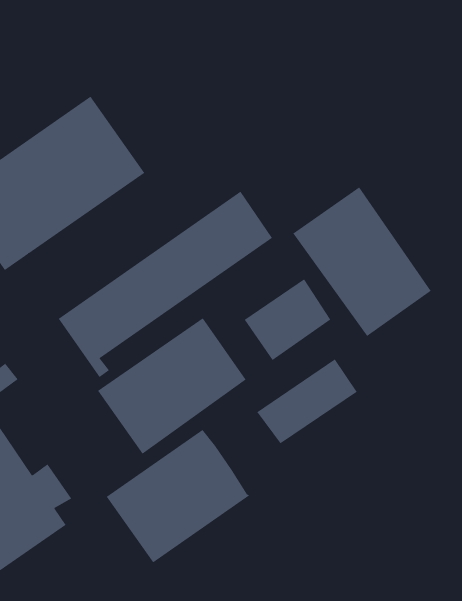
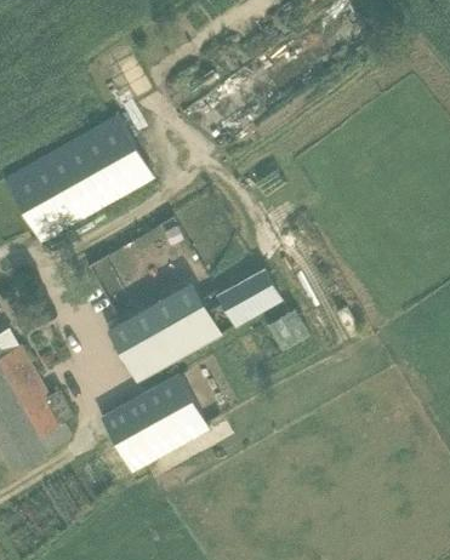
building: [293,187,432,337] -> none
building: [257,358,357,444] -> none

